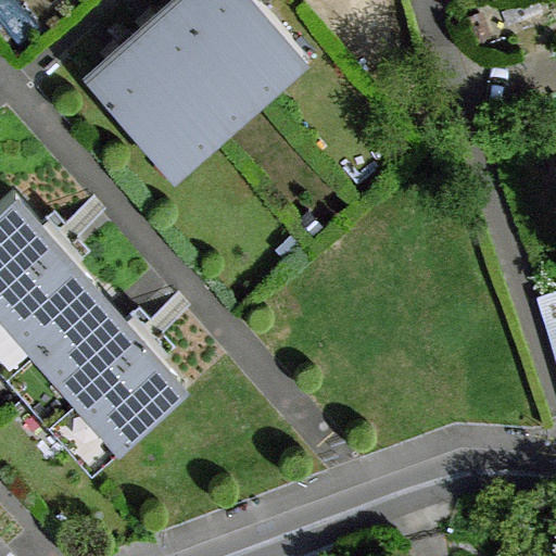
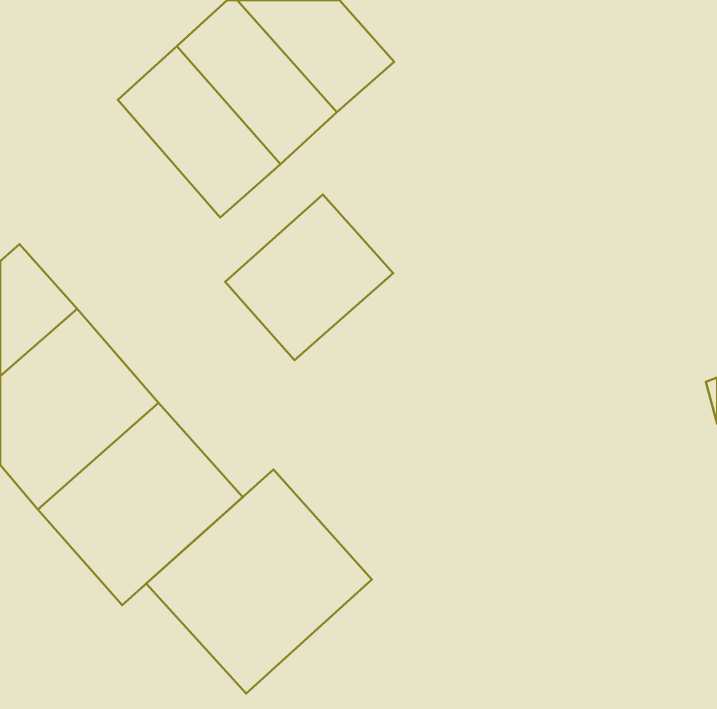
building: none -> [225,195,393,360]
building: none -> [146,469,372,694]

